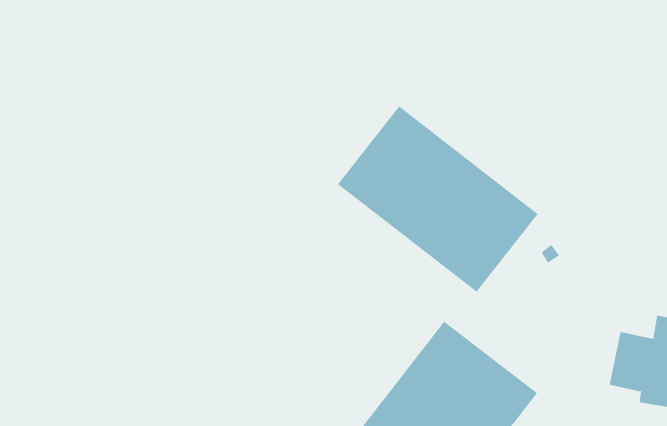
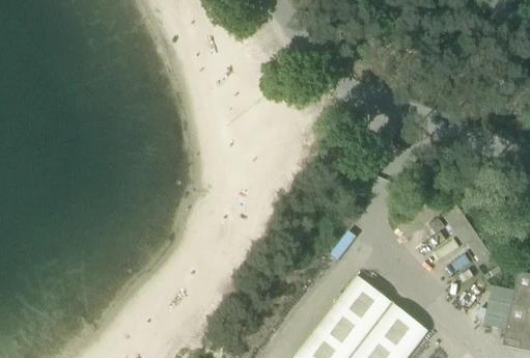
building: [337,106,538,293] -> none

